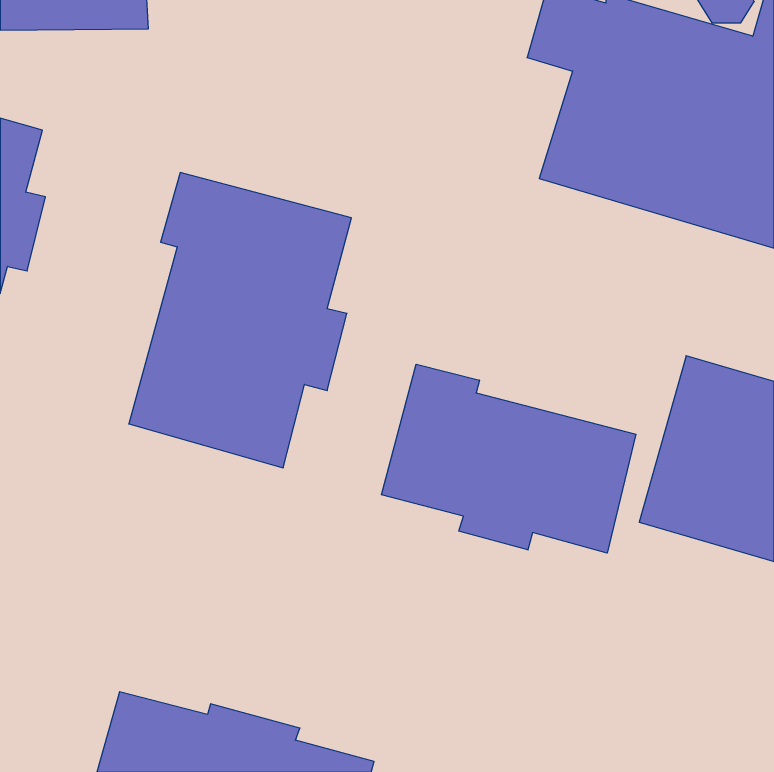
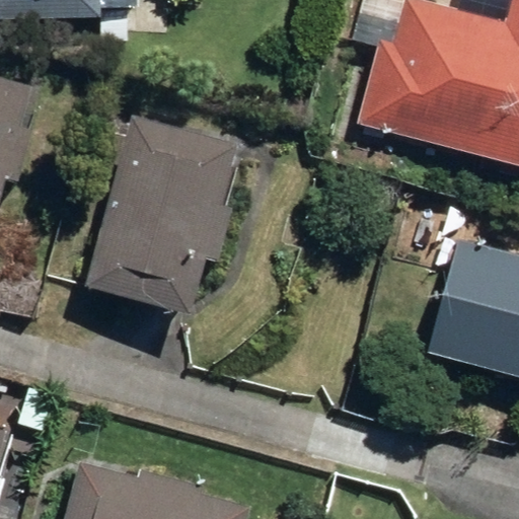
building: [382,364,636,553] -> none

